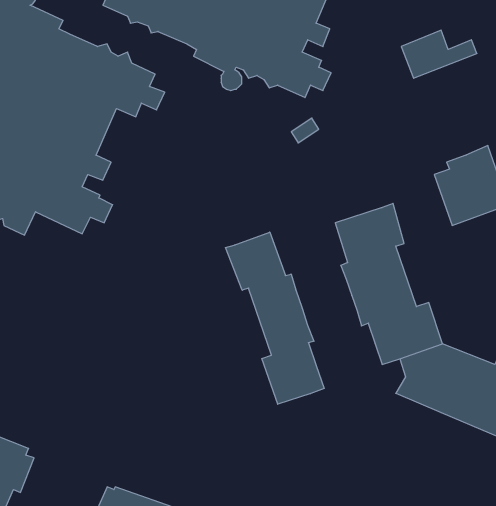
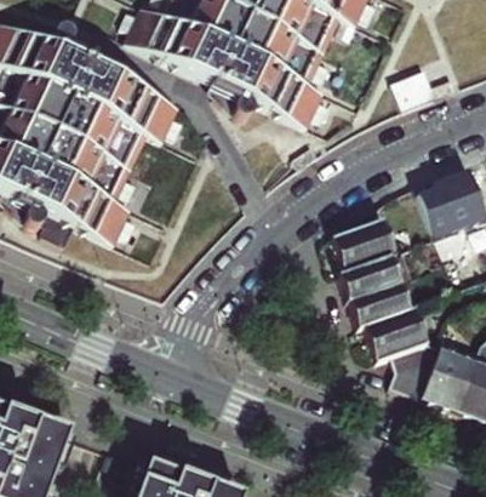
building: [226,232,324,404] -> none

